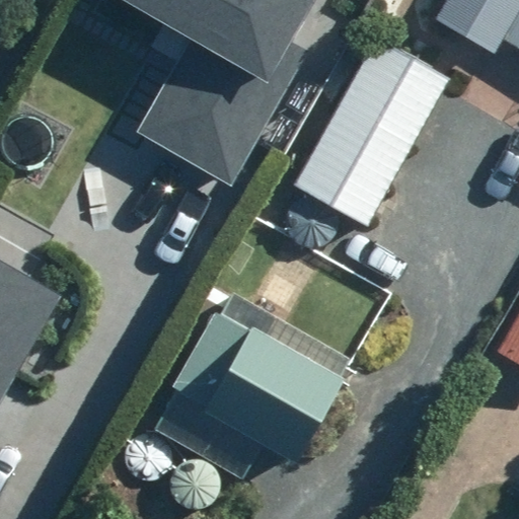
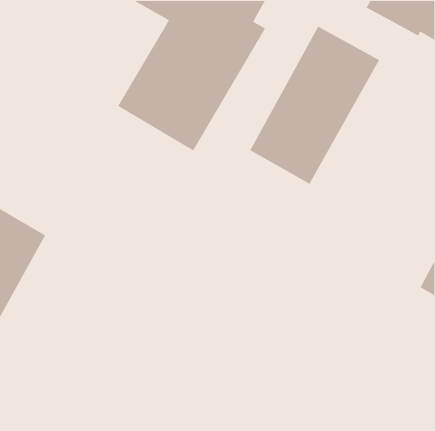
building: [155,291,353,463] -> none

